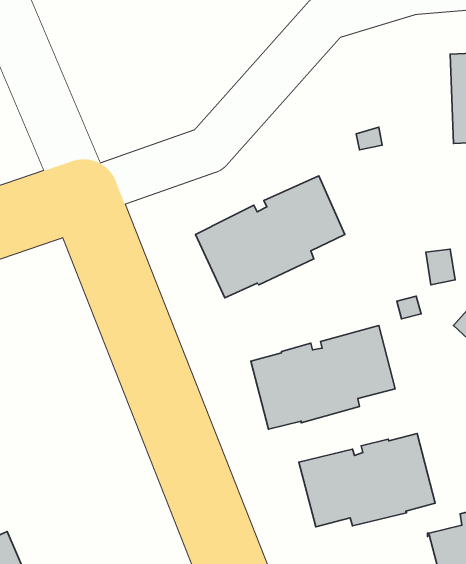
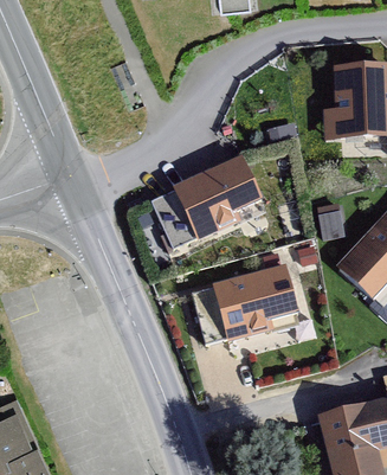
building: [299,433,435,527] -> none

